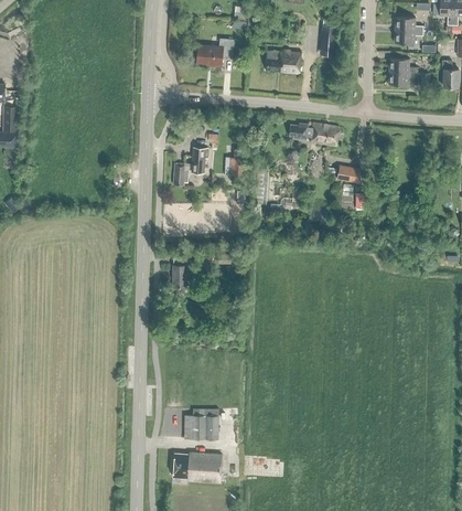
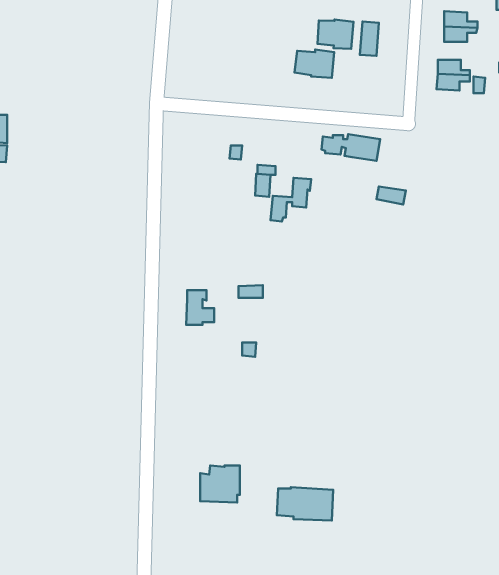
building: none -> [317,20,353,49]
building: [196,38,233,65] -> none
building: [173,147,208,184] -> [270,178,311,221]
building: [173,451,222,480] -> [277,487,333,520]

